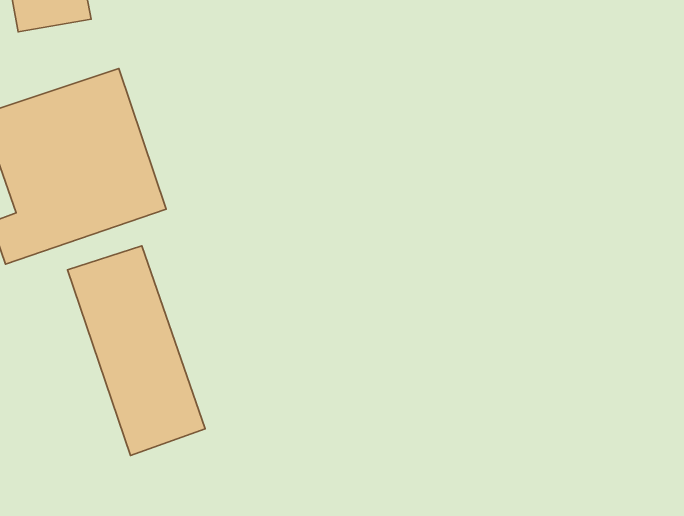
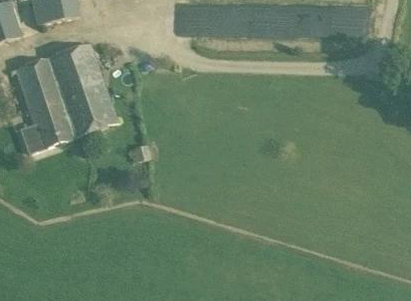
building: [68,246,205,456] -> none

